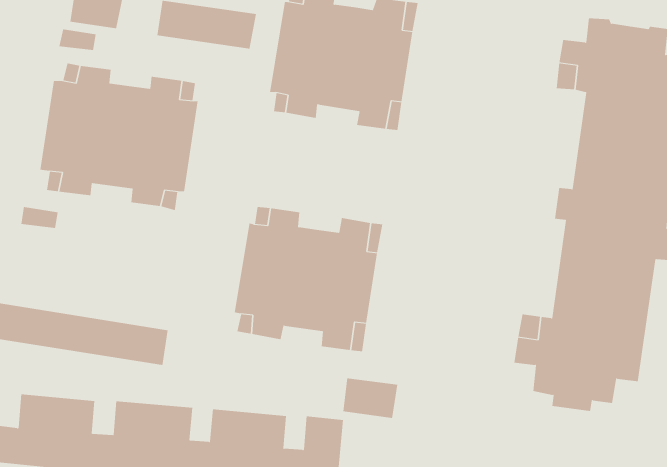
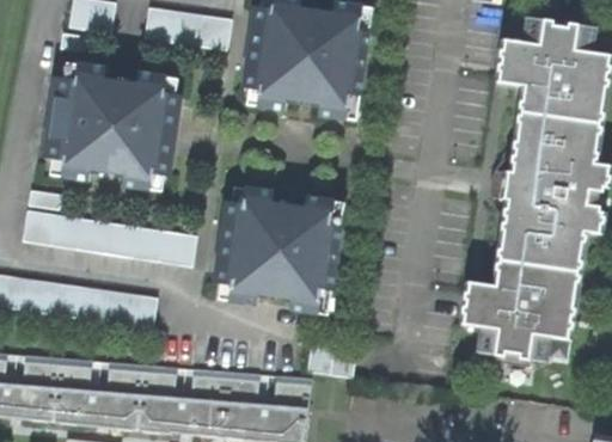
building: none -> [19,209,196,265]

